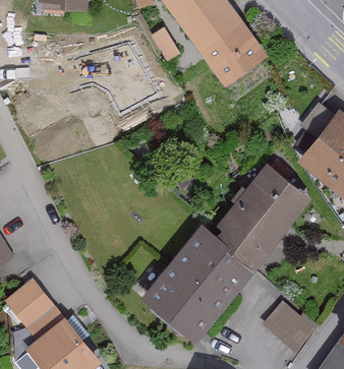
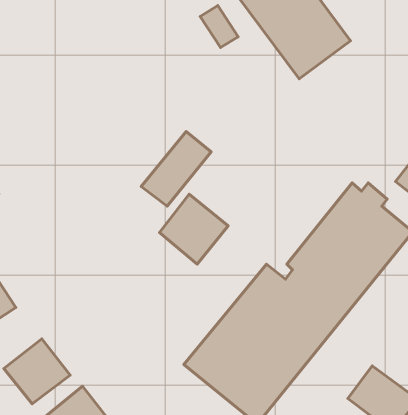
building: none -> [141,132,211,206]
building: none -> [159,194,228,264]

